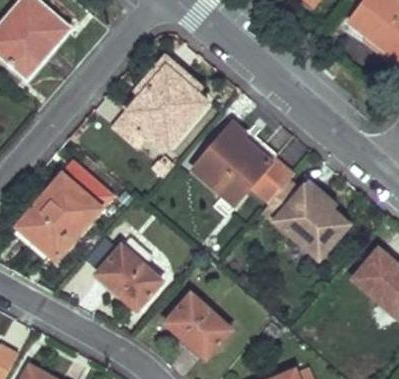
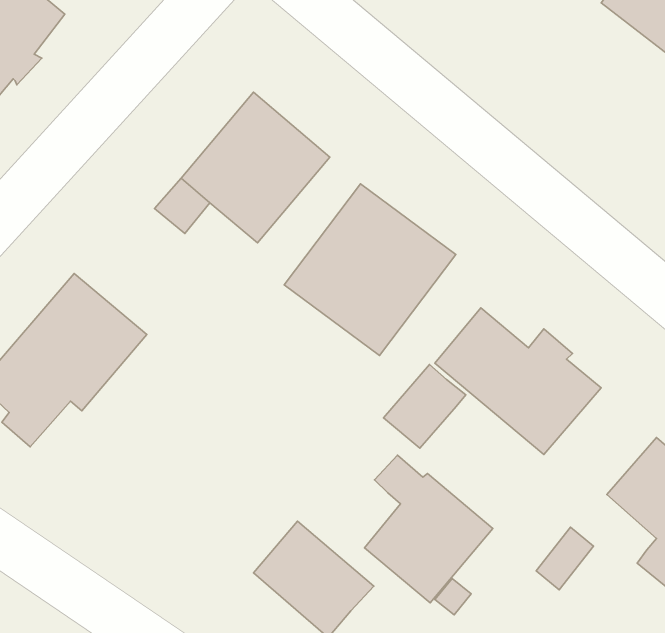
building: [249,159,292,203] -> [384,364,466,448]
building: [99,247,161,307] -> none
building: none -> [365,455,493,603]

